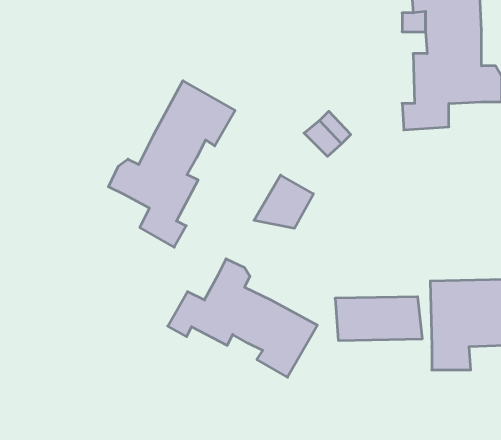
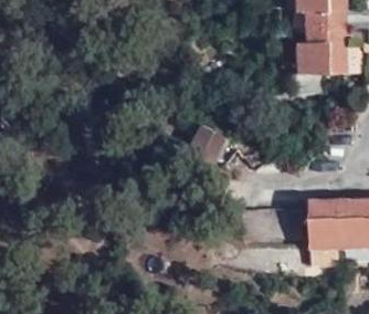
building: [108,81,235,247] -> none
building: [168,259,317,377] -> none

